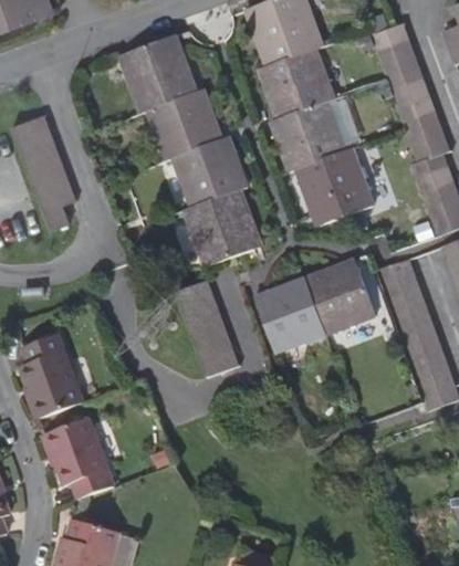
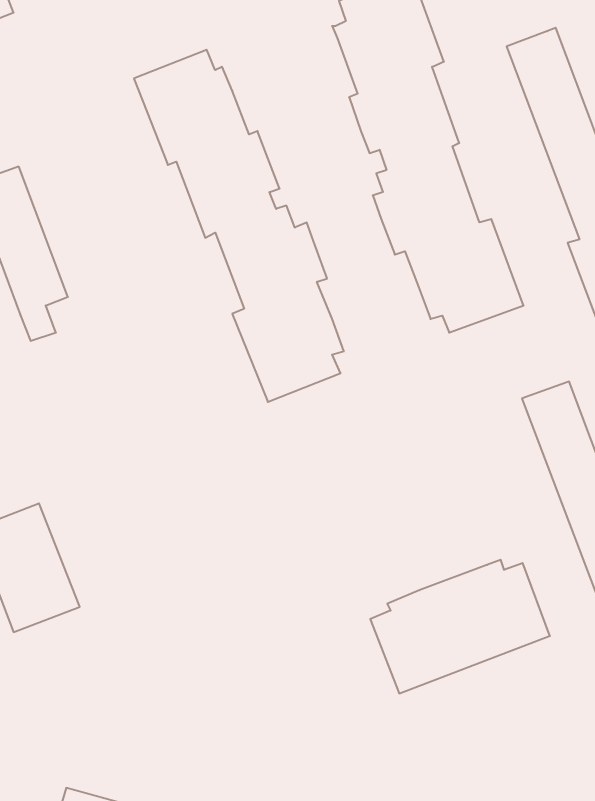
building: [260,265,377,353] -> [370,560,550,693]
building: [175,280,240,377] -> none
building: [39,417,114,497] -> none

